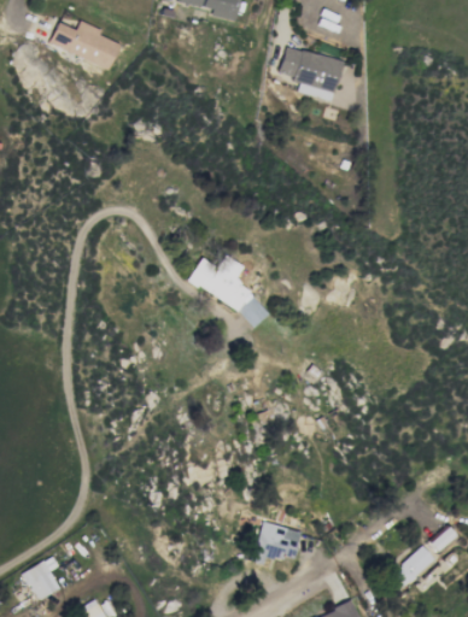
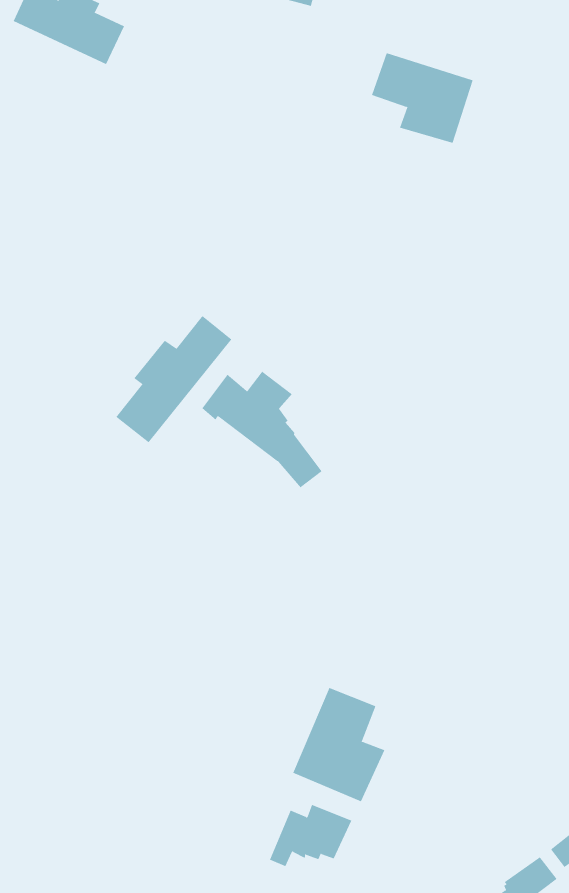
building: none -> [115,315,232,443]
building: none -> [293,687,385,802]

